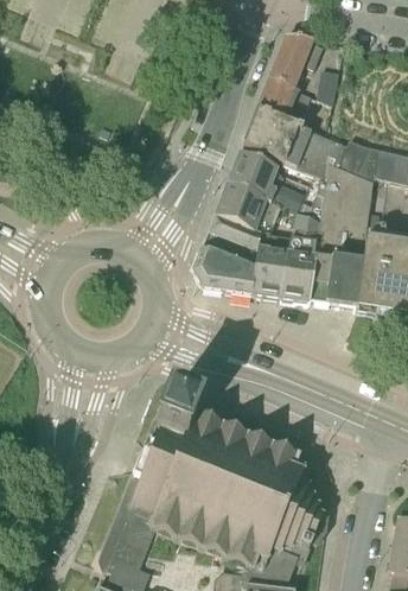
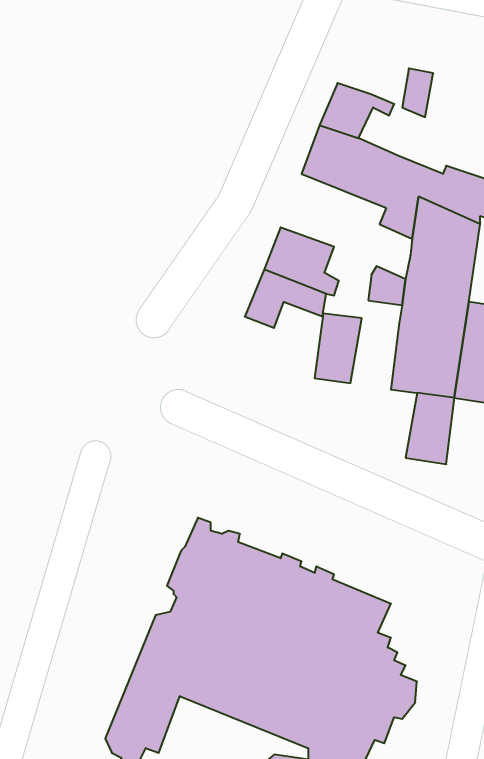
building: [269,34,321,87] -> none
building: [228,151,304,211] -> none
building: [193,239,259,294] -> none
building: [279,250,314,303] -> [406,393,454,464]

